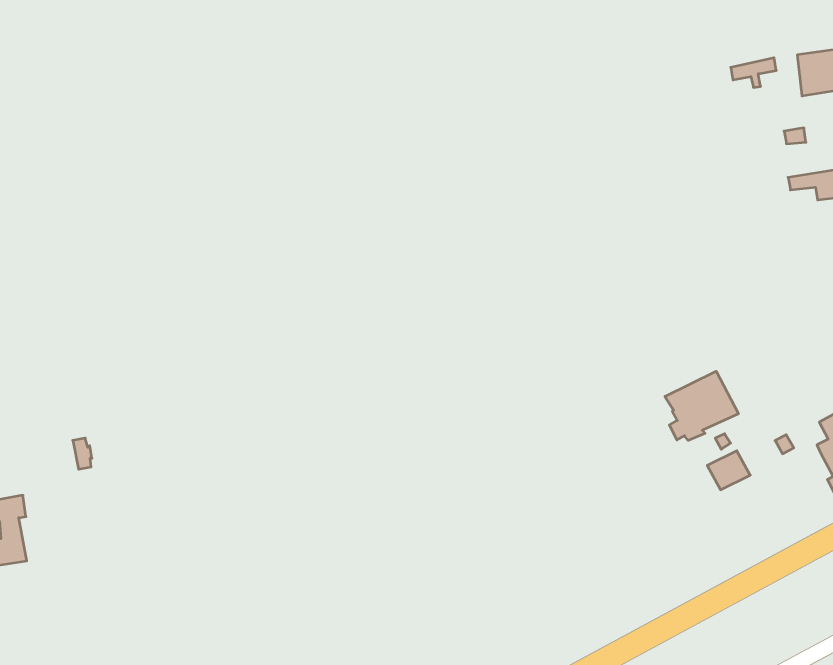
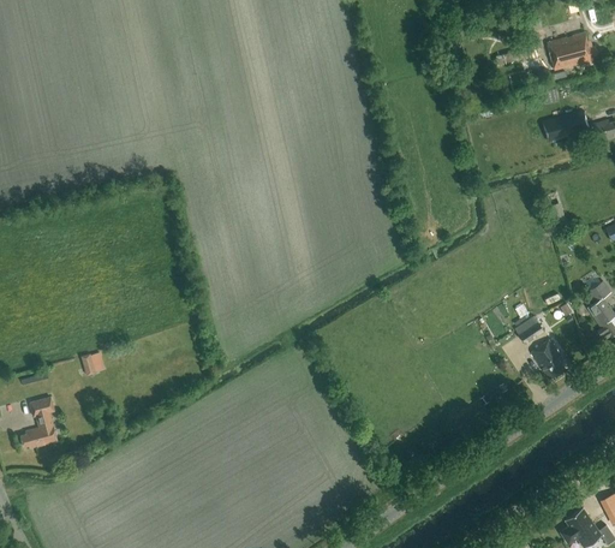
building: [665,371,738,440] -> none
building: none -> [530,339,565,379]

